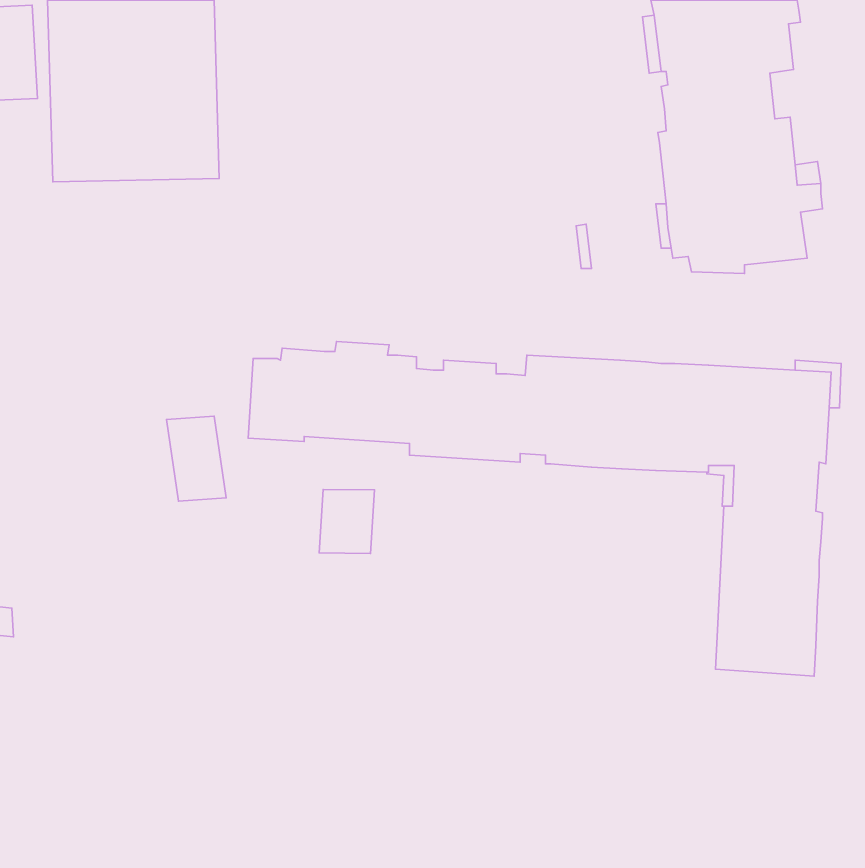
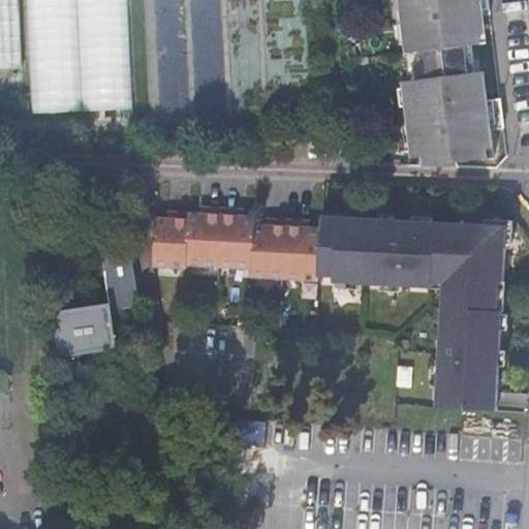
building: [319,490,375,553] -> none
building: none -> [54,305,115,355]

